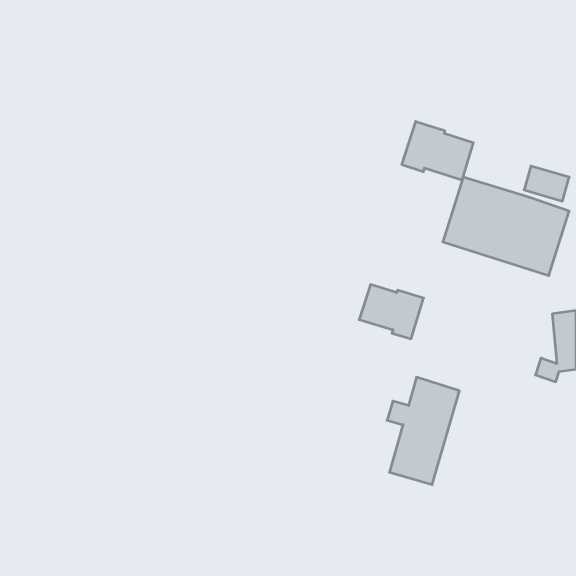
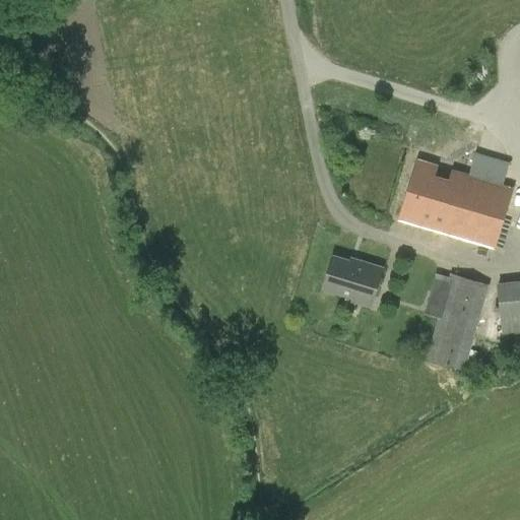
building: [402,121,473,180] -> none
building: [387,377,459,485] -> [424,272,489,369]

